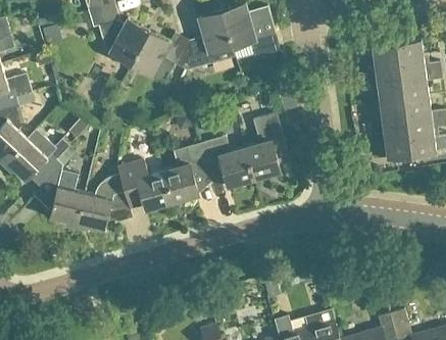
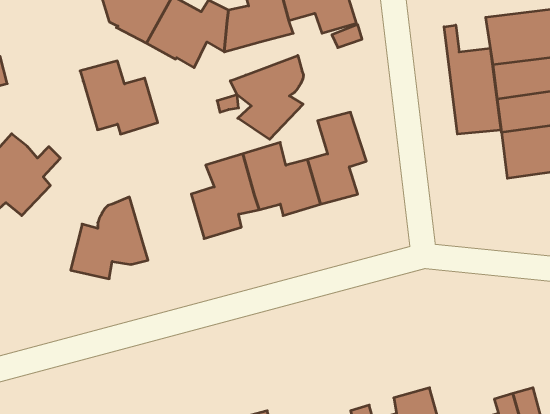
building: none -> [444,25,501,134]
building: none -> [230,55,303,139]
building: [116,159,171,211] -> [80,61,158,134]
building: [34,165,85,226] -> none

